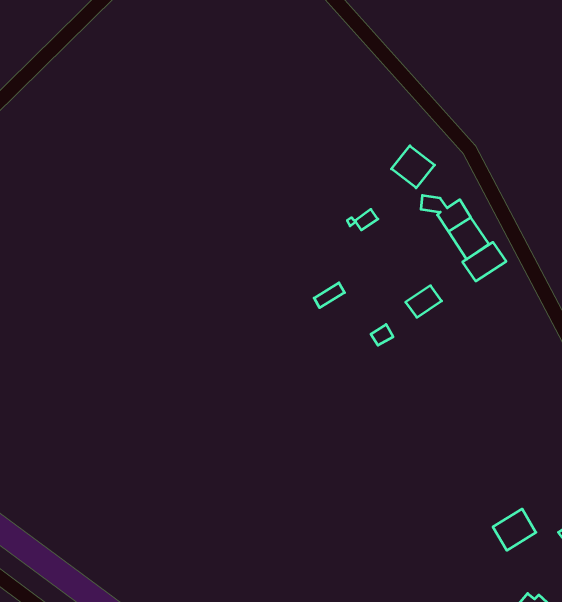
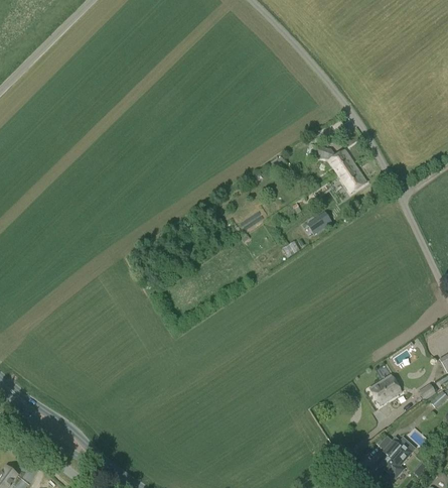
building: [391,146,435,188] -> none
building: [463,242,506,281] -> none

